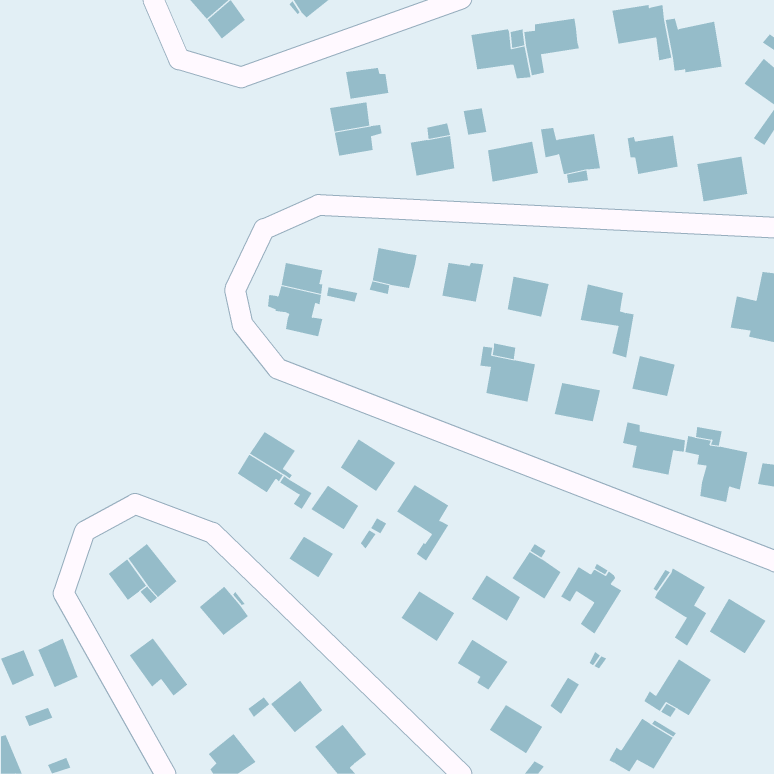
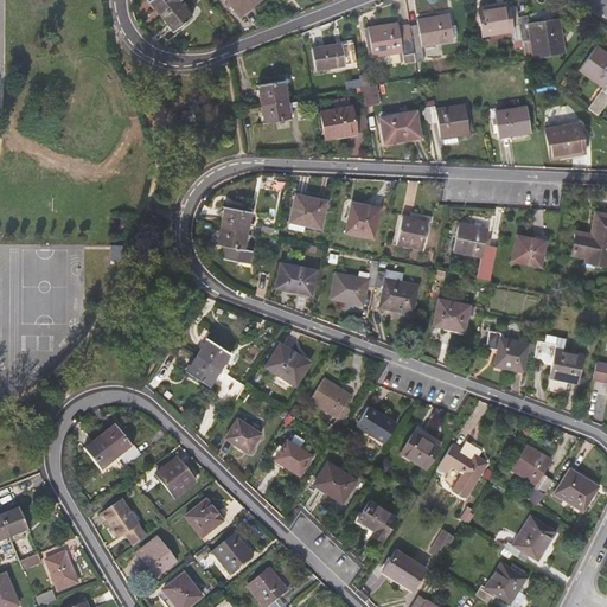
building: [345,67,389,99] -> [312,44,346,69]
building: none -> [332,261,381,304]
building: none -> [276,262,318,294]
building: [632,355,676,396] -> [512,234,547,266]
building: [311,485,359,530] -> [275,439,313,474]
building: [471,574,521,621] -> [357,405,396,442]
building: [38,638,78,688] -> [46,550,78,589]
building: none -> [186,500,223,536]
building: none -> [139,537,174,575]

